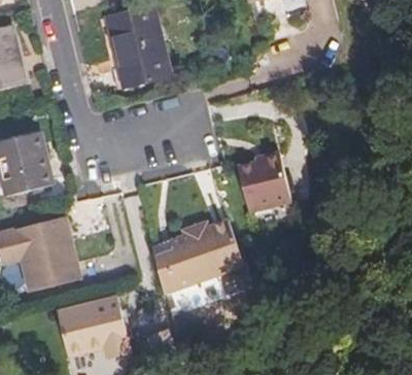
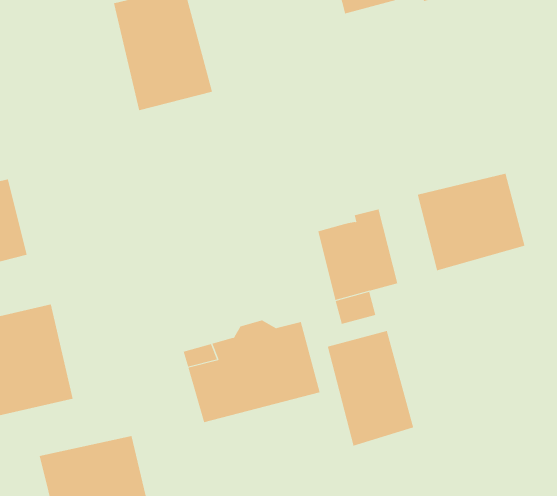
building: none -> [417,173,525,271]
building: none -> [327,330,414,447]

